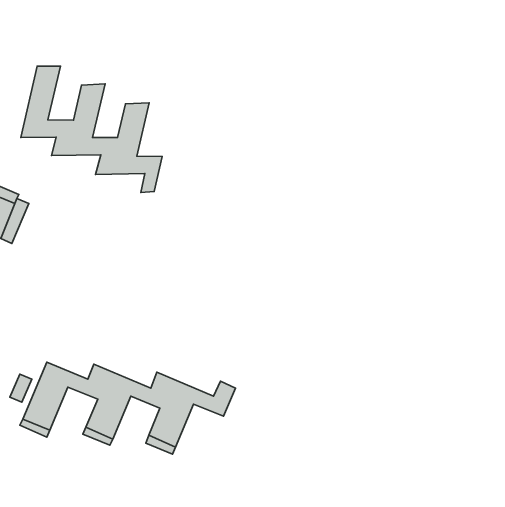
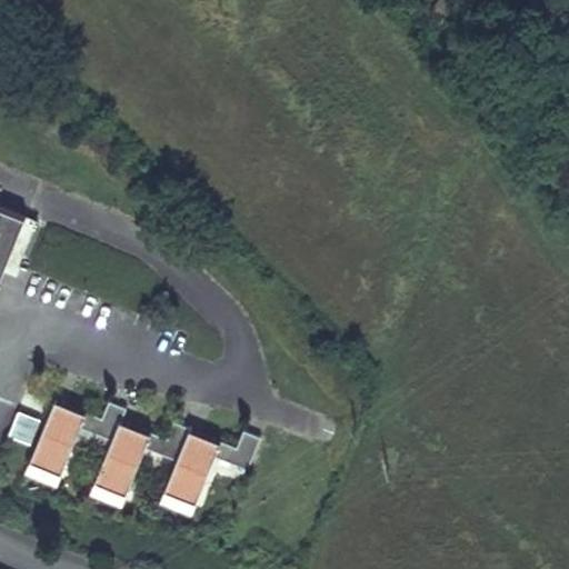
building: [21,66,162,193] -> none

